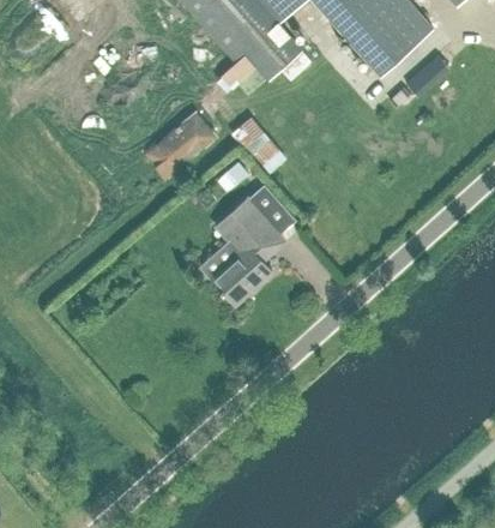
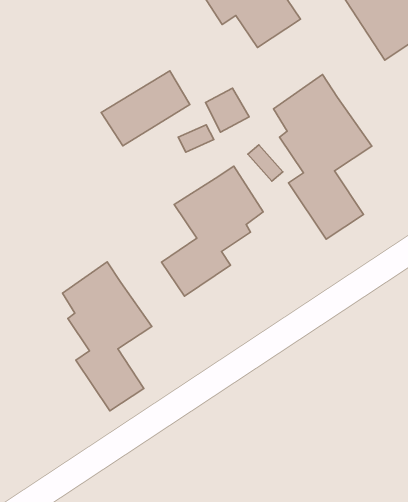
building: none -> [273,75,372,239]
building: none -> [63,262,152,411]

